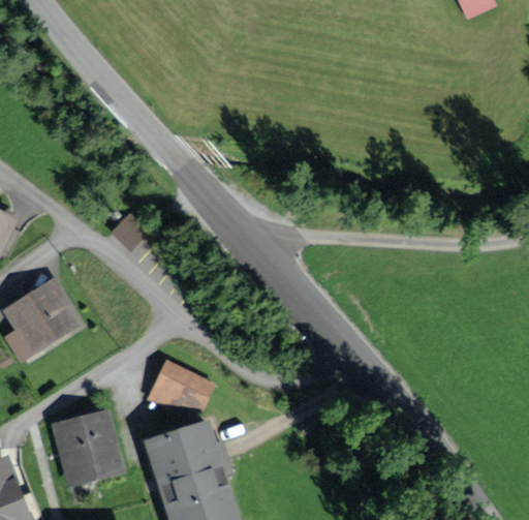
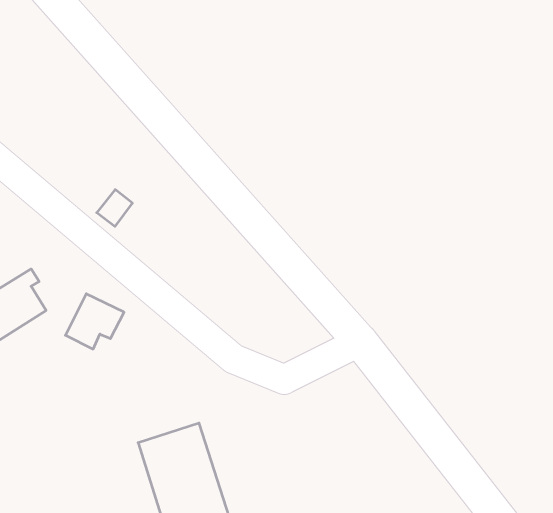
building: [149,361,201,410] -> [65,294,124,349]
building: [59,417,115,477] -> none

